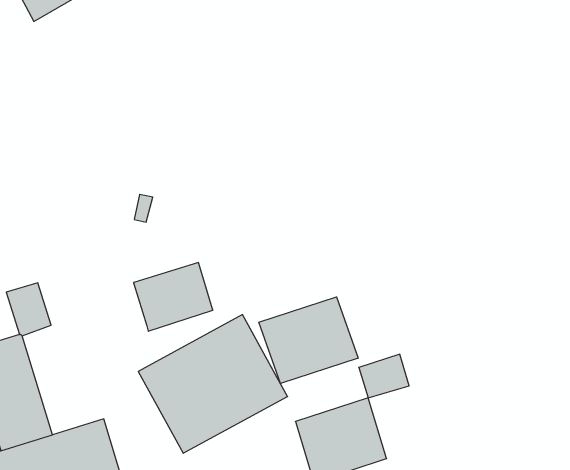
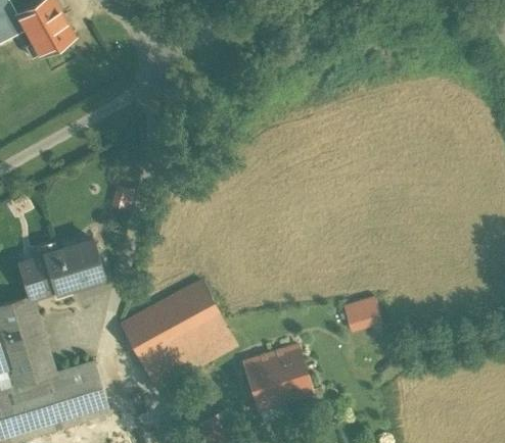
building: [134,263,213,331] -> [43,239,104,292]
building: [259,297,358,384] -> none
building: [359,354,409,398] -> [345,297,383,331]

